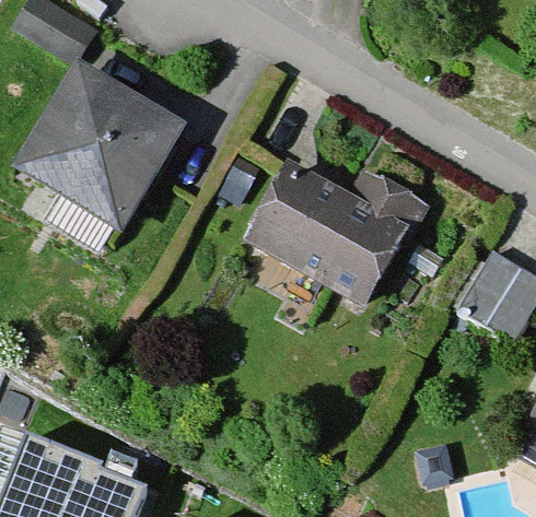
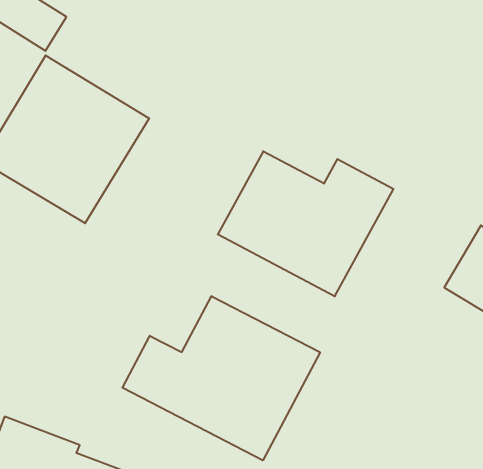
building: none -> [122,296,320,460]

